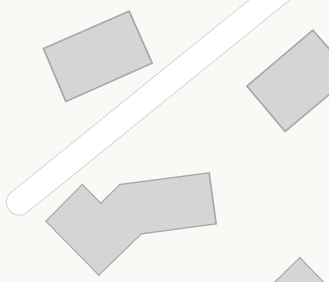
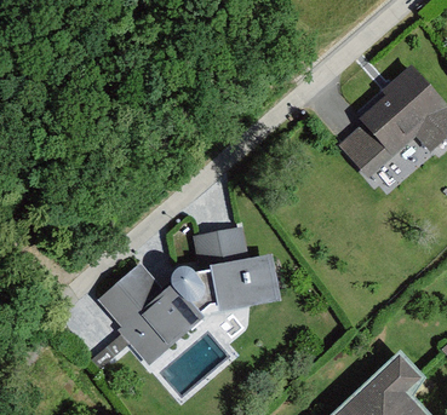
building: [44,11,152,101] -> none

